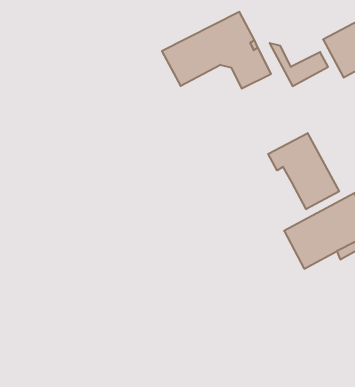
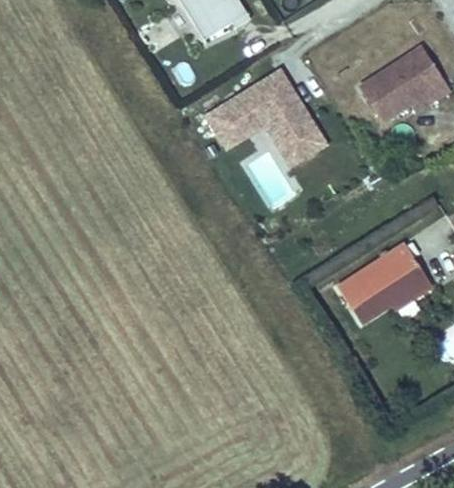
building: [270,43,328,86] -> [263,123,323,164]
building: [268,133,339,209] -> none

